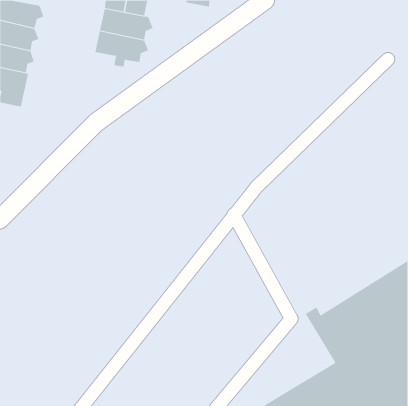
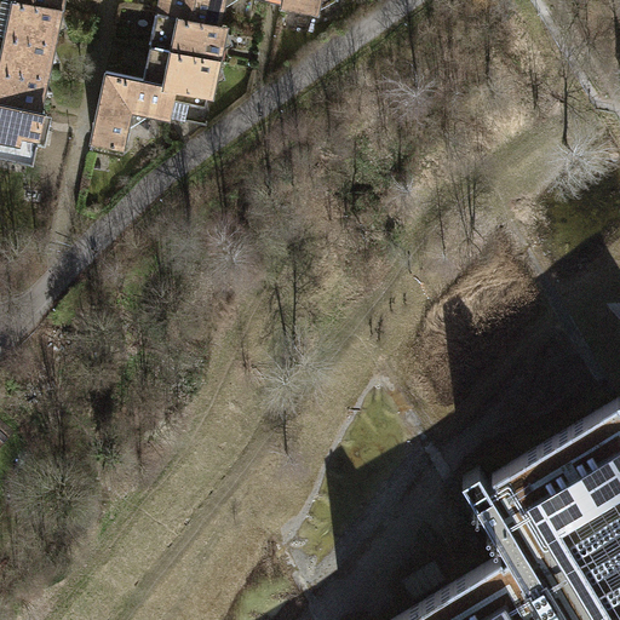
building: none -> [91,75,174,151]

